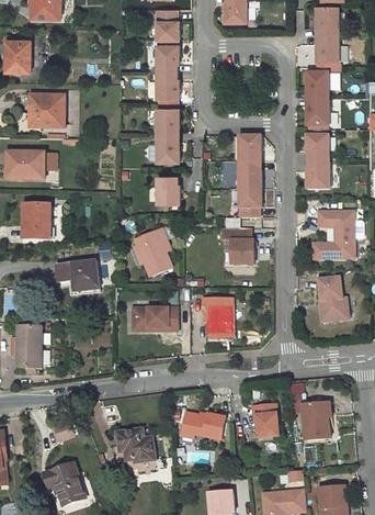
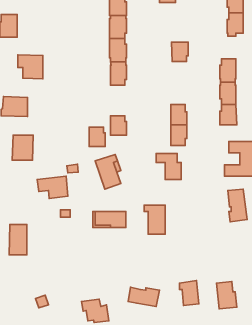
building: [306,68,328,99] -> none
building: [157,135,179,161] -> [89,127,105,147]
building: [238,135,261,161] -> [171,42,188,62]

